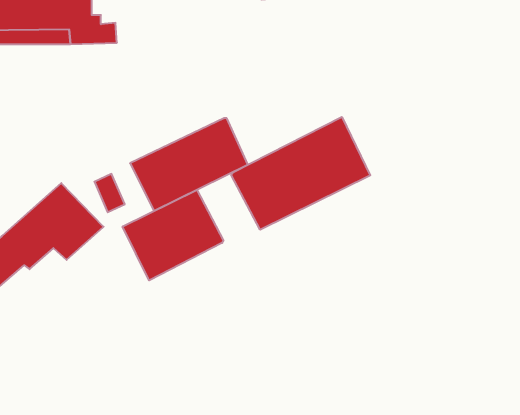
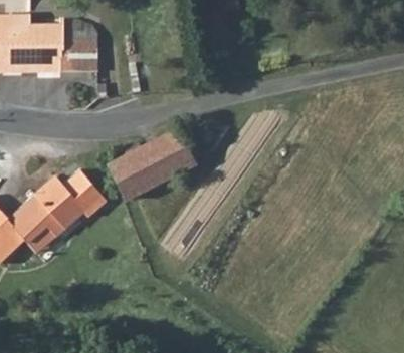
building: [231,117,370,230] -> none
building: [123,190,223,280] -> none

